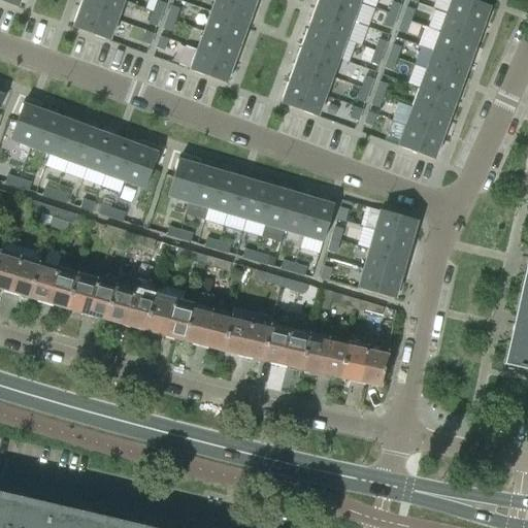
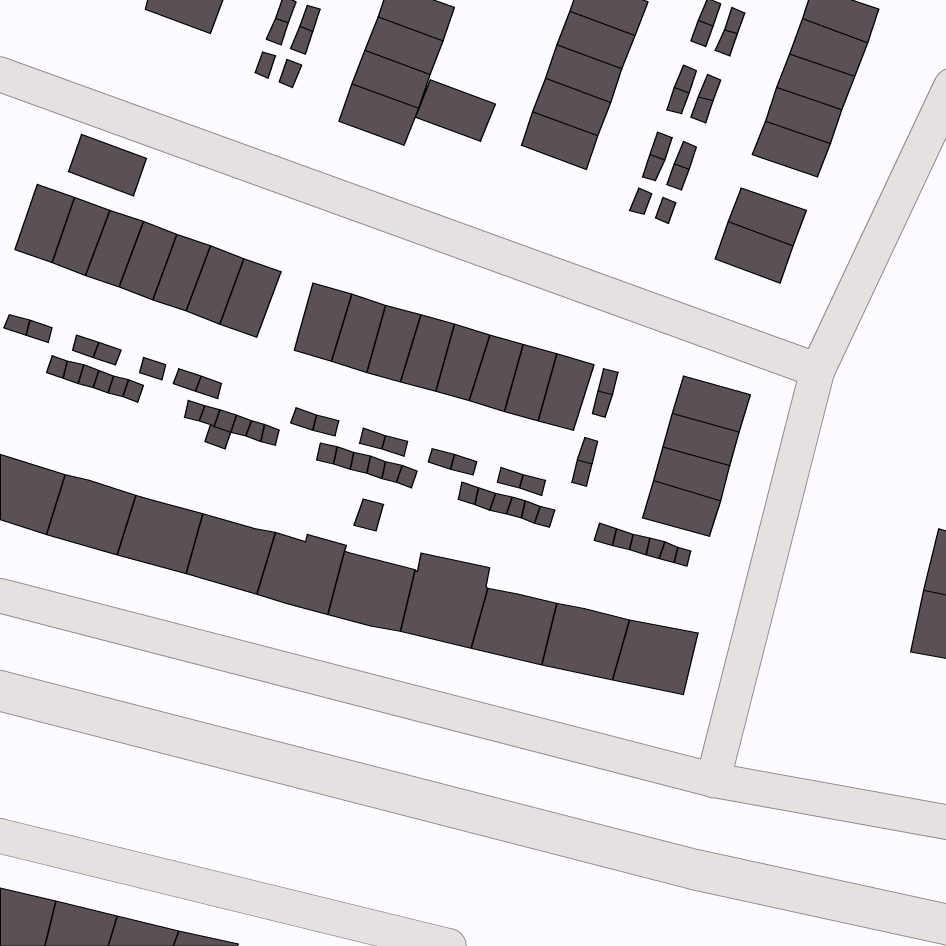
building: [76,5,120,39] -> [68,134,147,196]
building: [284,80,328,114] -> [415,80,495,141]
building: [414,86,456,117] -> none

